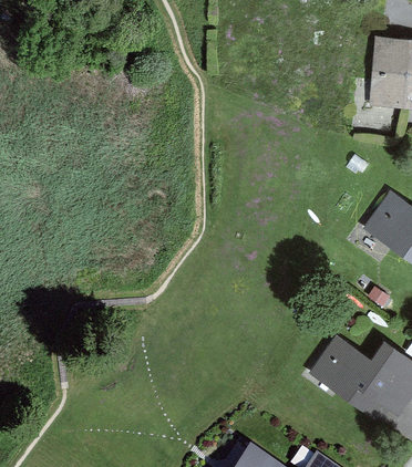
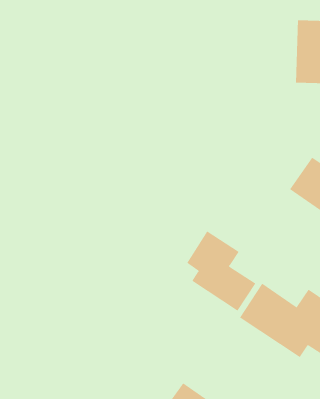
building: none -> [186,231,256,312]

